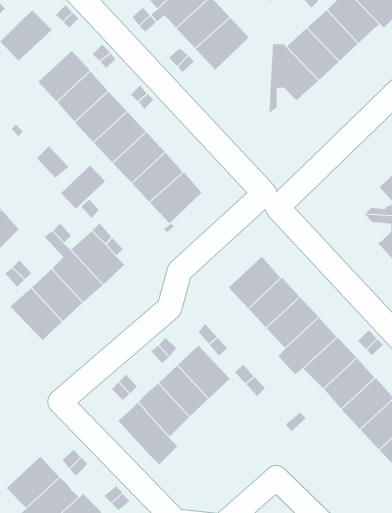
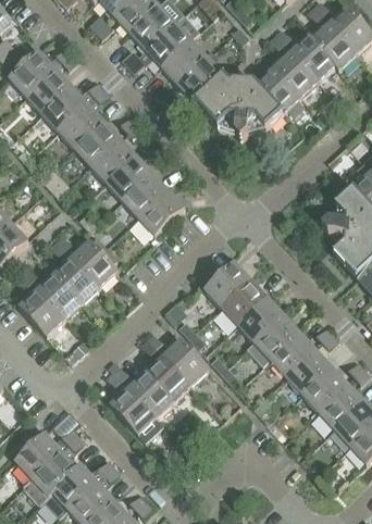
building: none -> [26,68,72,113]
building: none -> [195,75,244,141]
building: [60,165,106,209] -> none

